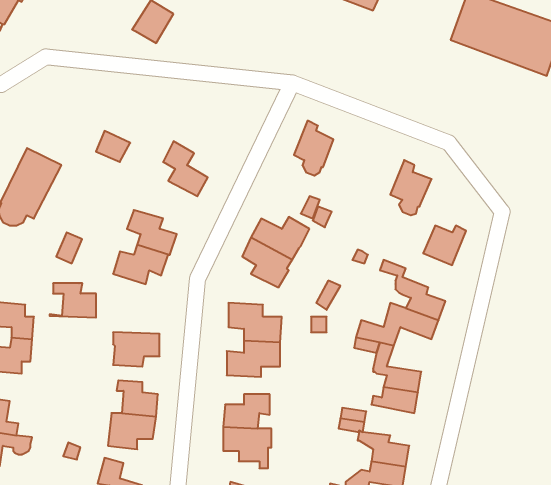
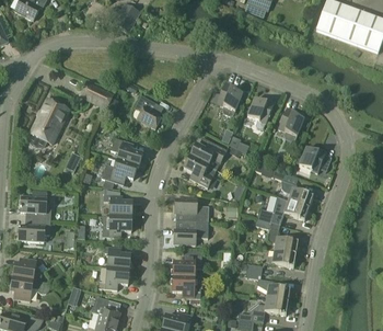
building: none -> [247,98,275,128]
building: [50,283,96,318] -> [102,194,131,216]

